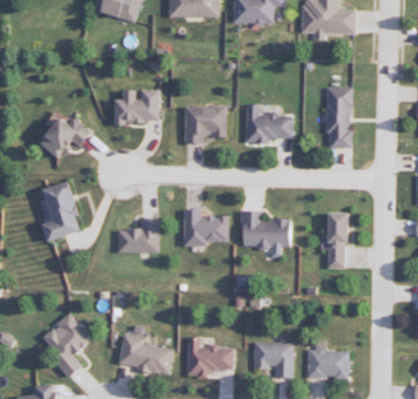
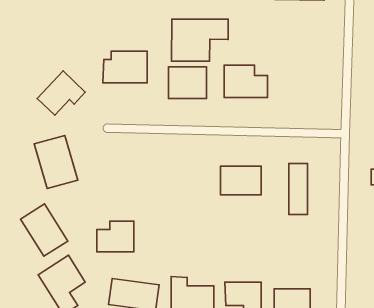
building: none -> [172,19,228,61]
building: [329,88,355,149] -> none
building: [185,214,230,245] -> none
building: [119,220,160,253] -> [97,221,134,252]
building: none -> [21,204,68,256]

